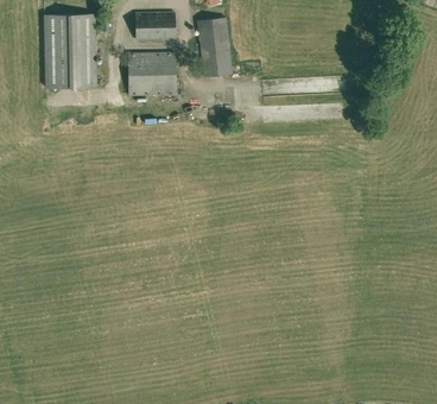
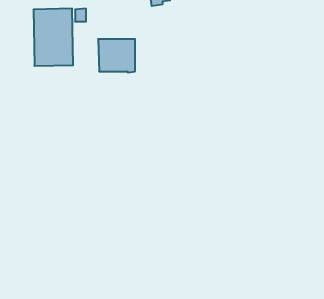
building: [134,12,175,40] -> none
building: [197,18,230,76] -> none

